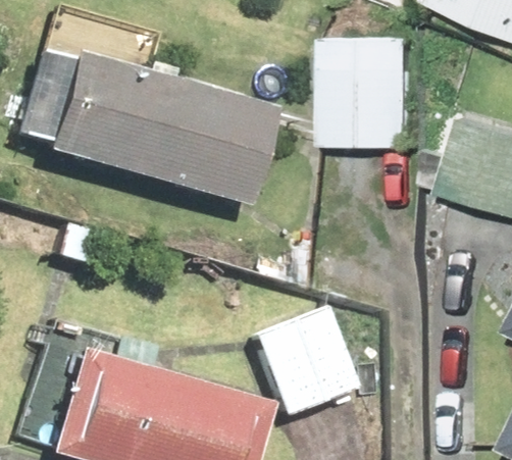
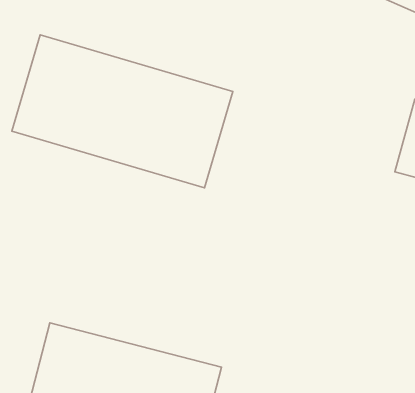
building: [323,30,414,221] -> none
building: [246,303,356,414] -> none

